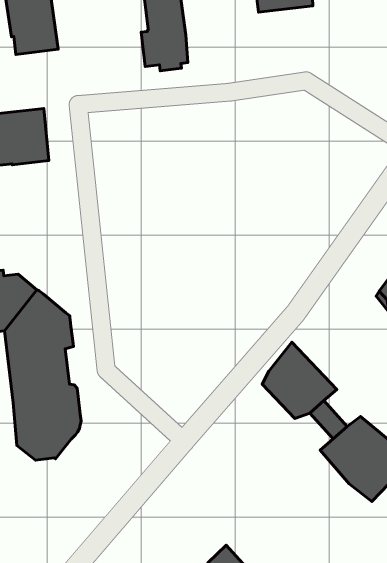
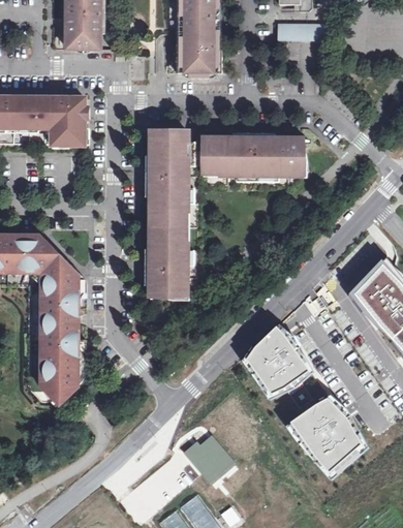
building: none -> [146,130,306,294]
building: none -> [183,433,235,484]

